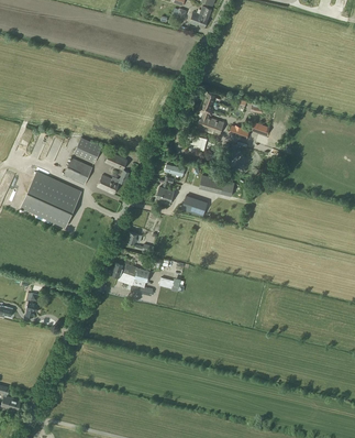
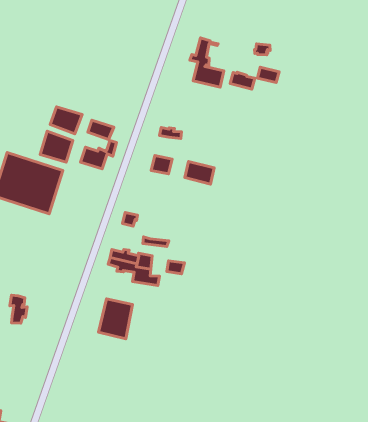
building: none -> [99,299,132,339]

